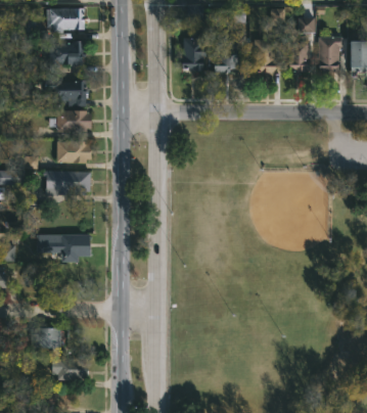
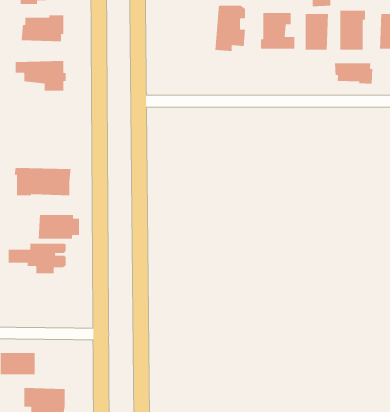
building: [182,37,208,71] -> none
building: none -> [334,62,373,84]
building: [49,109,92,133] -> none
building: [56,141,92,163] -> [38,214,80,240]

